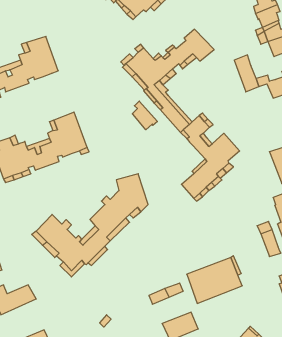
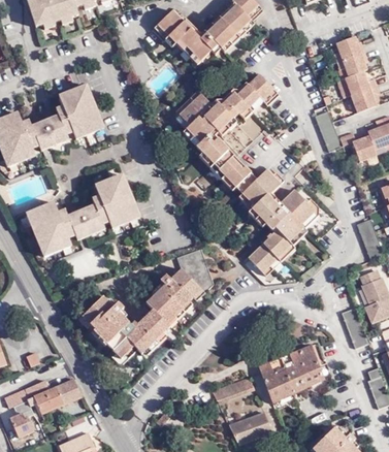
building: [132,101,157,130] -> none

